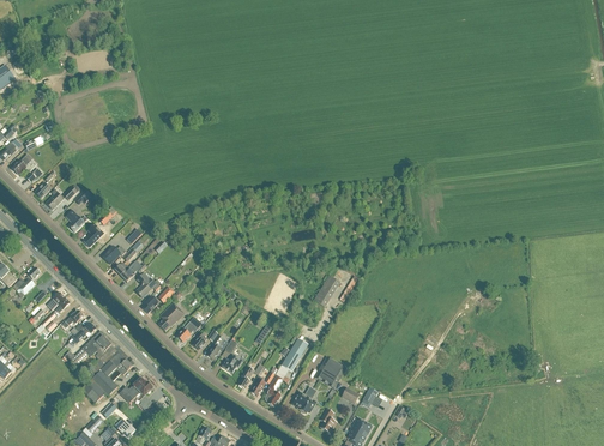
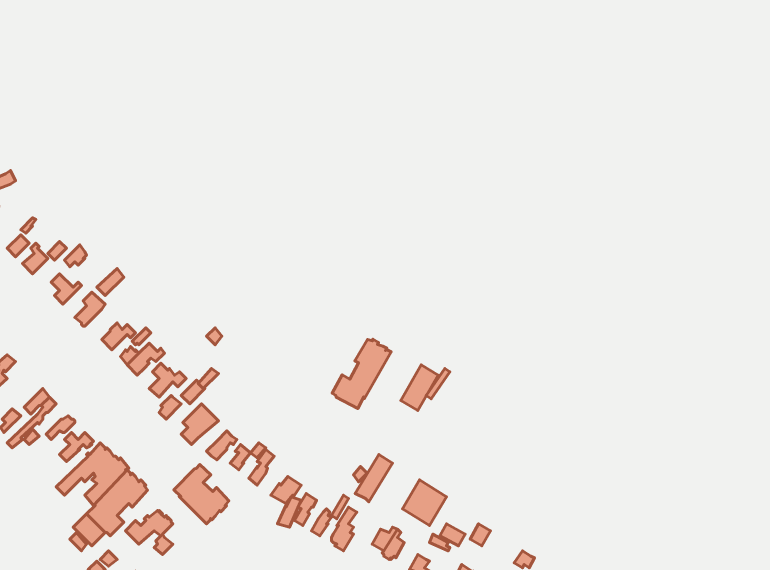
building: none -> [332,339,391,409]
building: none -> [174,465,229,524]

